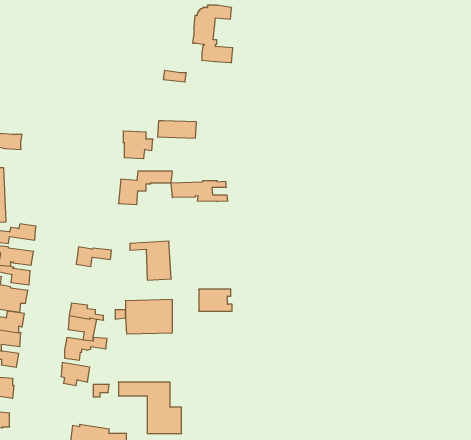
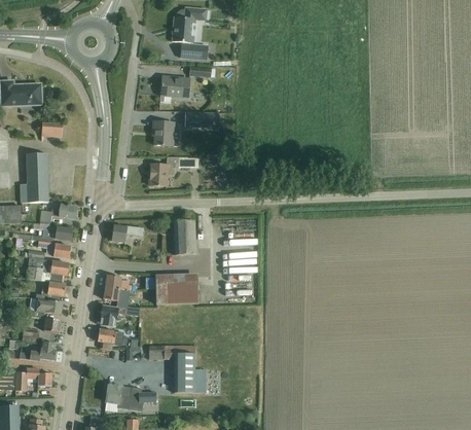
building: [193,5,233,63] -> [172,7,208,59]
building: none -> [160,76,189,97]
building: [171,181,227,202] -> none

